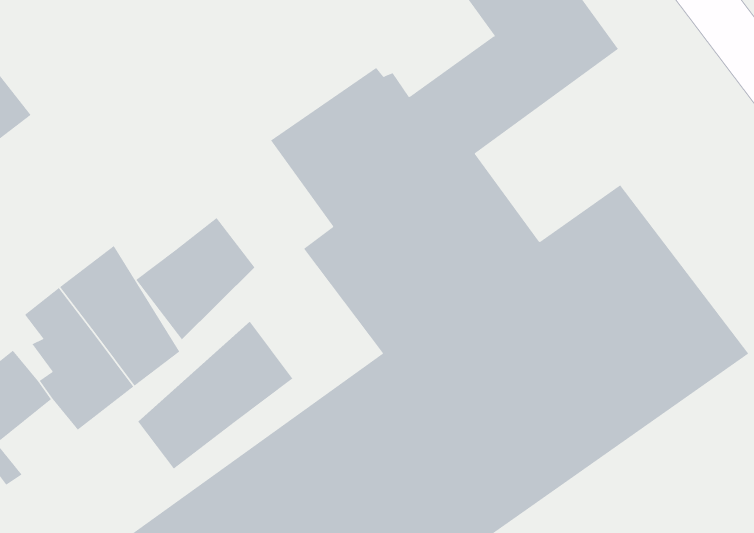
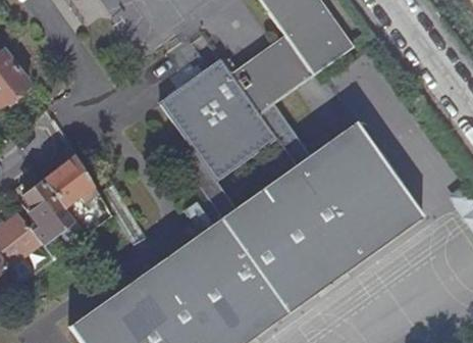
building: [135,217,255,340] -> none
building: [137,321,293,470] -> none

